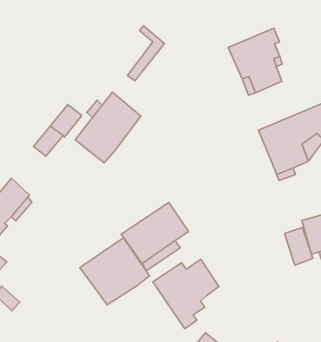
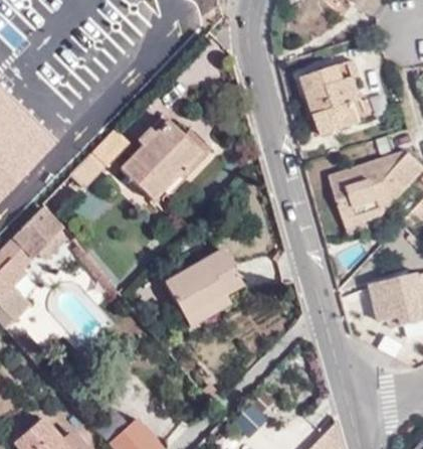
building: [127,26,164,81] -> [166,128,211,190]
building: [80,238,150,305] -> none
building: [153,259,219,329] -> none

